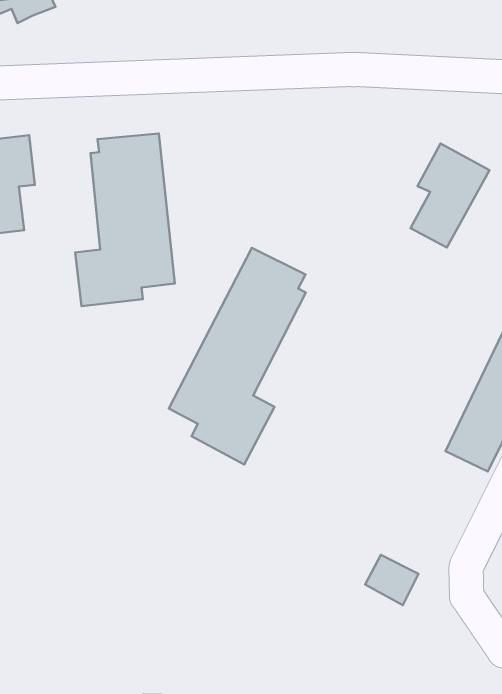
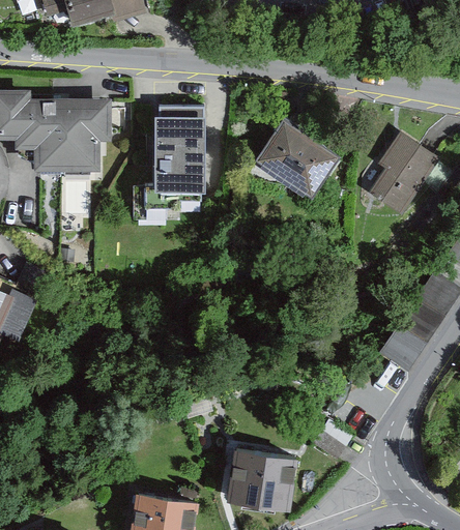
building: none -> [257,122,337,197]
building: [169,248,306,464] -> none
building: none -> [226,448,286,506]

